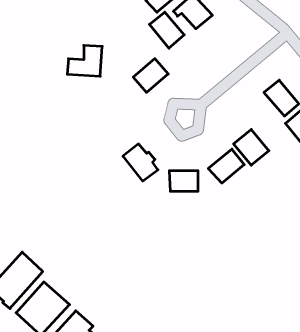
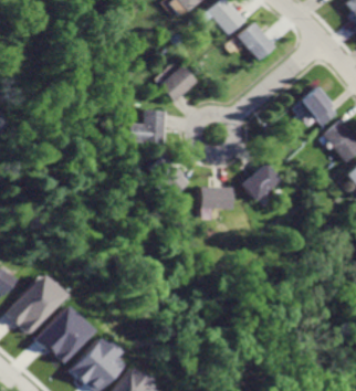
building: [149,12,184,48] -> [240,23,278,62]
building: [67,45,102,76] -> [129,112,167,145]
building: [234,129,269,165] -> none

